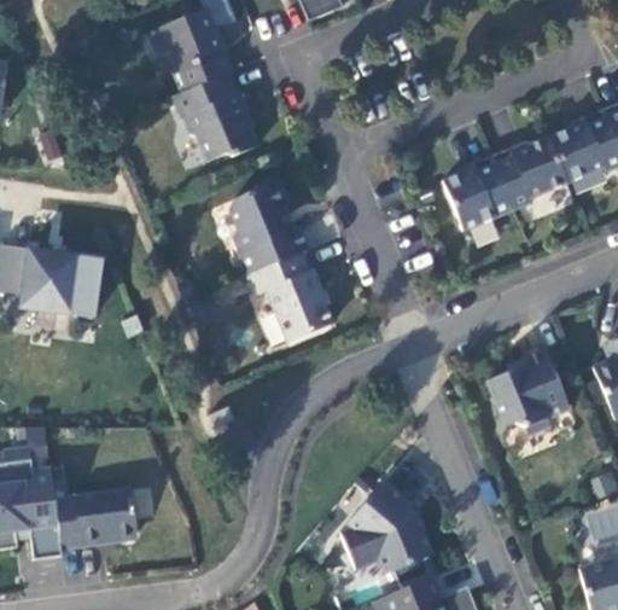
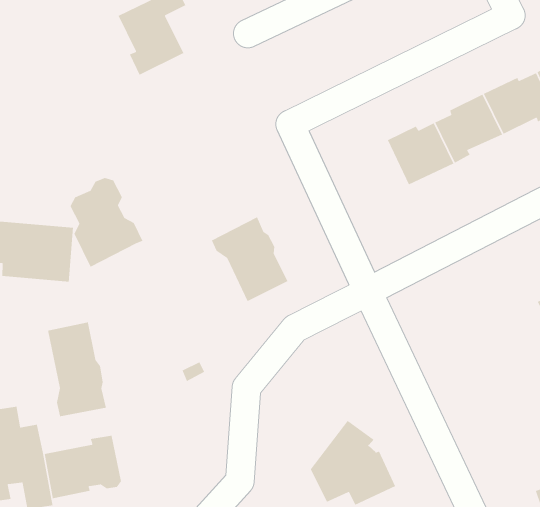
building: [173,76,258,164] -> none
building: [229,181,307,278] -> [69,177,143,268]
building: [486,348,569,434] -> none
building: none -> [47,322,107,417]

